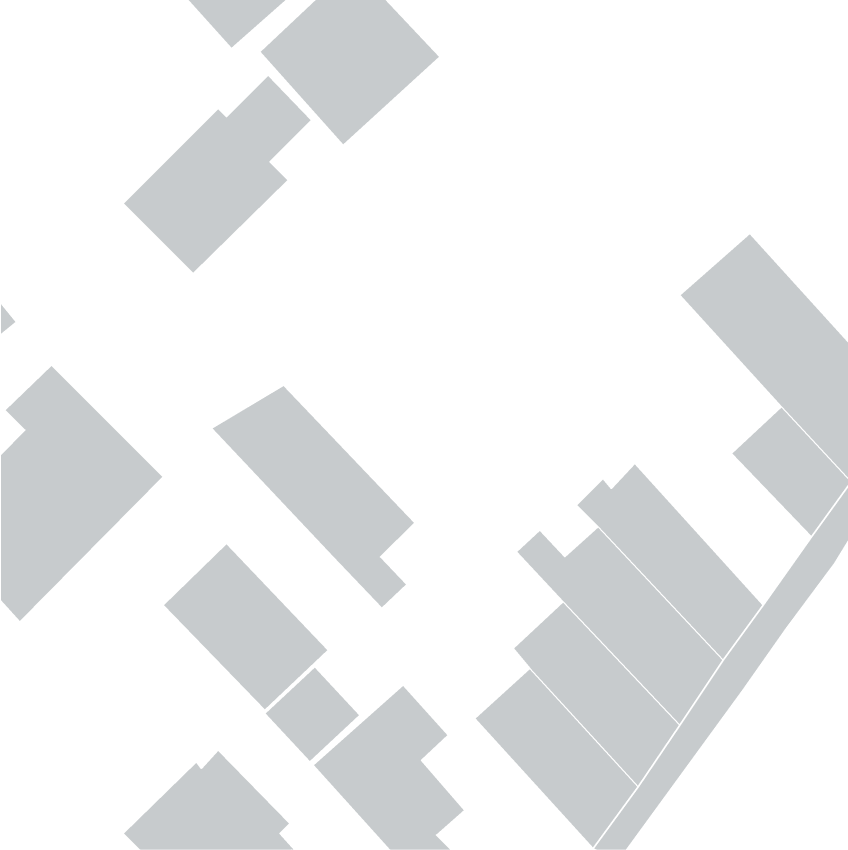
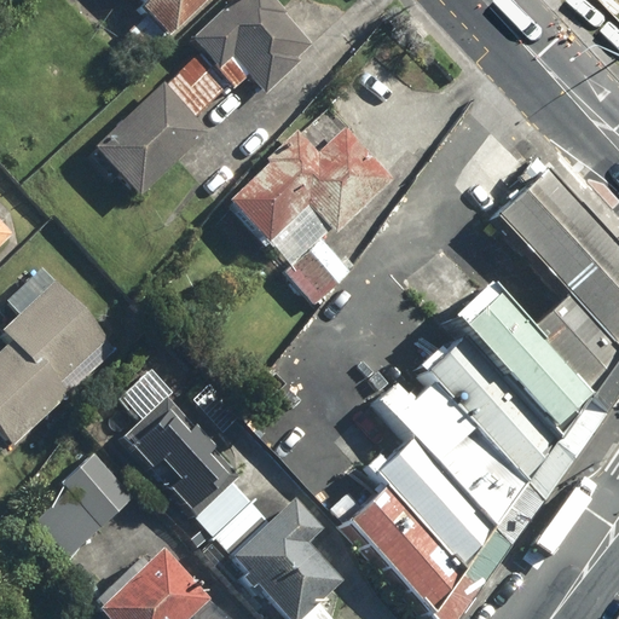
building: none -> [227,121,395,306]
building: [211,385,415,608] -> none
building: none -> [450,284,591,439]
building: none -> [31,450,135,560]

